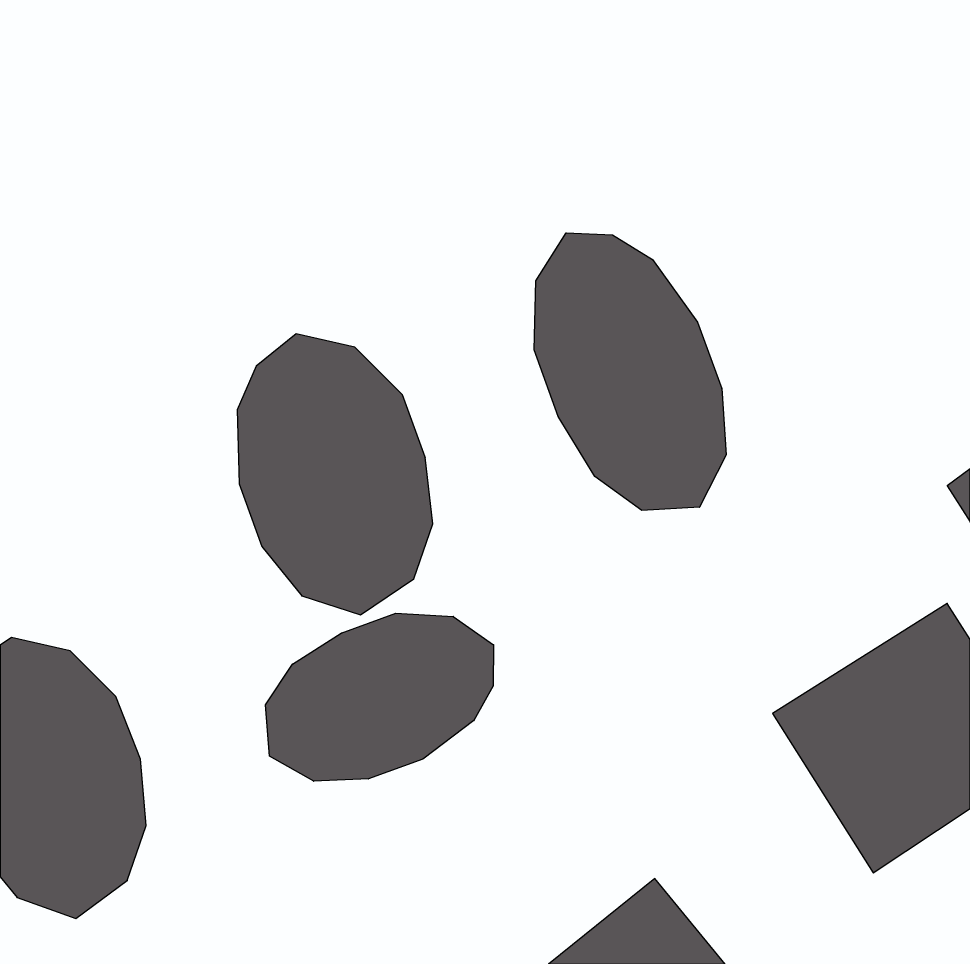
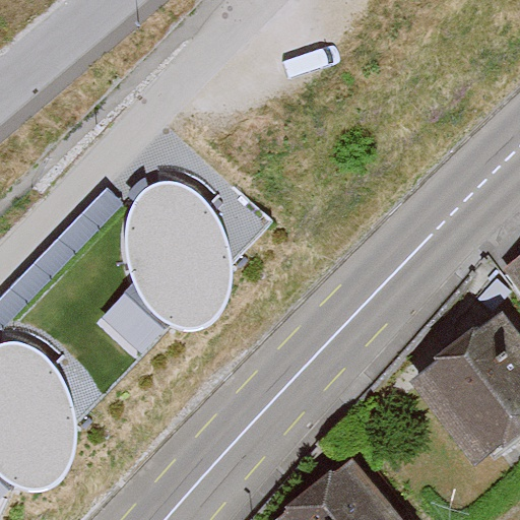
building: [534,233,726,510] -> none
building: [265,613,494,781] -> none

